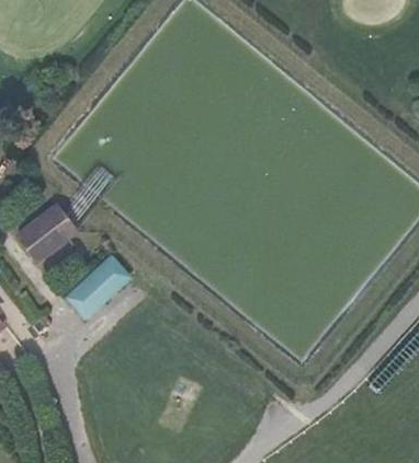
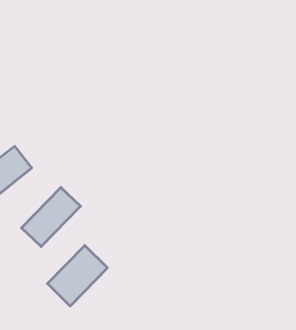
building: none -> [47,245,107,306]

